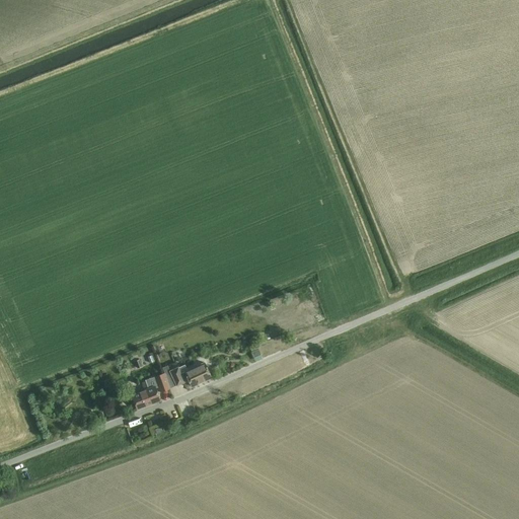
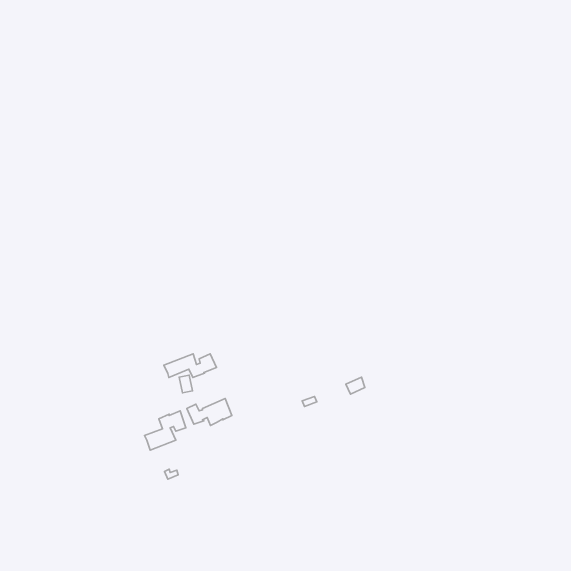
building: none -> [164,354,217,378]

